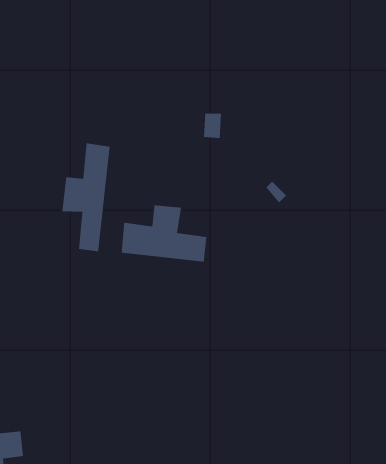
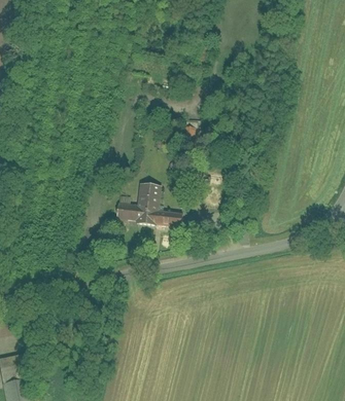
building: [62,143,110,252] -> none

